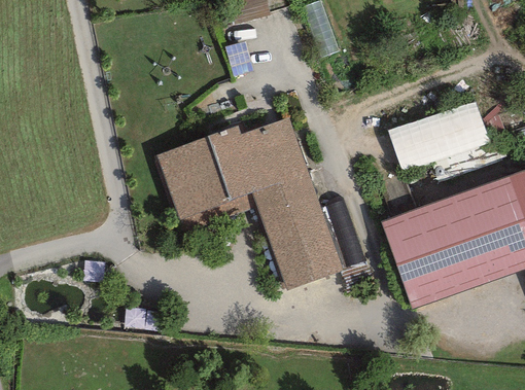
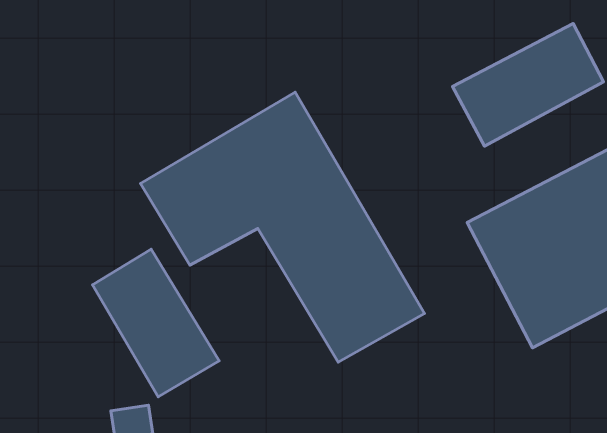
building: none -> [92,249,219,397]

